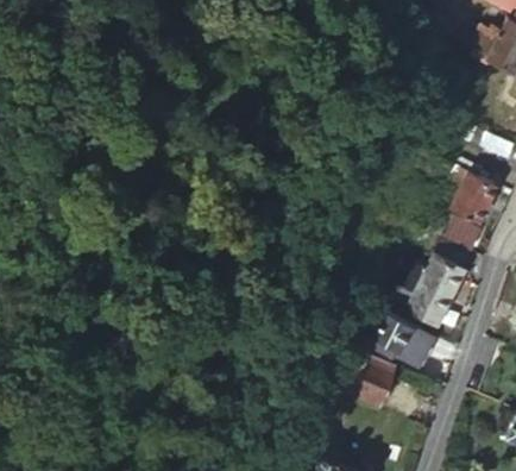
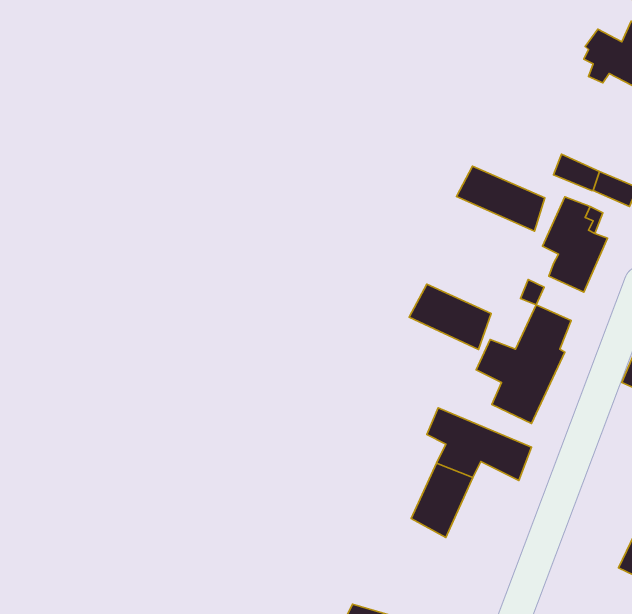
building: none -> [456,166,545,231]
building: none -> [409,284,491,350]

